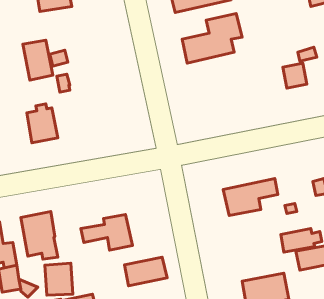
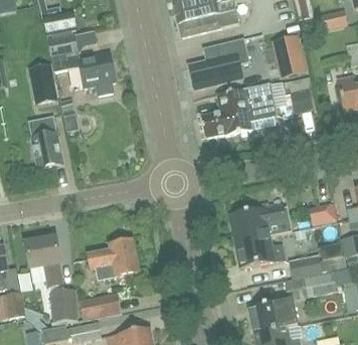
building: none -> [272,33,307,76]
building: none -> [47,34,115,87]
building: none -> [200,80,288,137]
building: none -> [235,234,283,267]
building: [124,257,167,286] -> [77,291,121,320]

